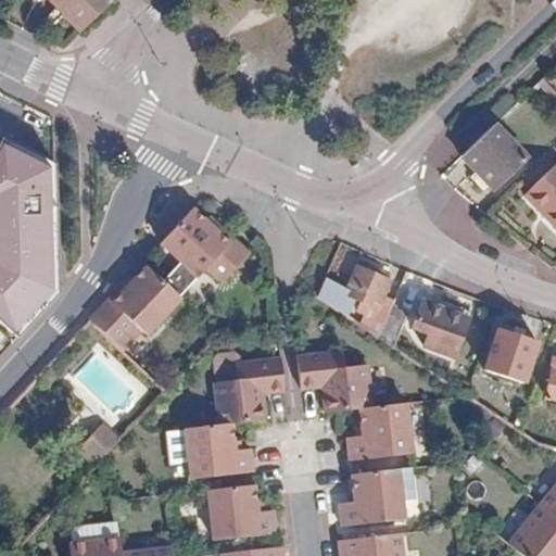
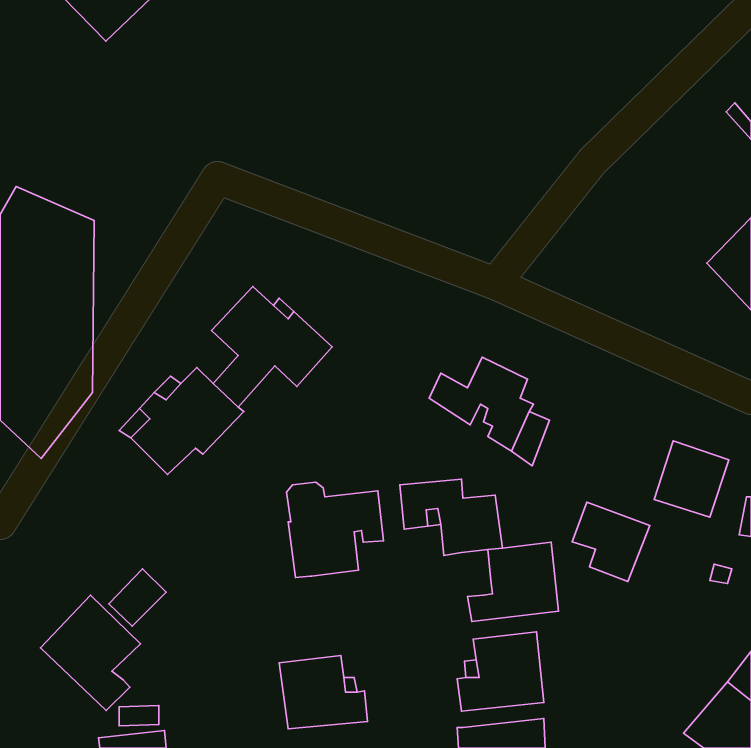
building: [459,122,528,192] -> none
building: [410,298,468,356] -> [572,502,650,581]
building: [185,426,251,482] -> none
building: none -> [41,595,141,710]

